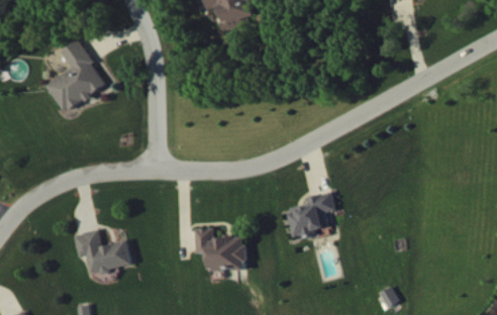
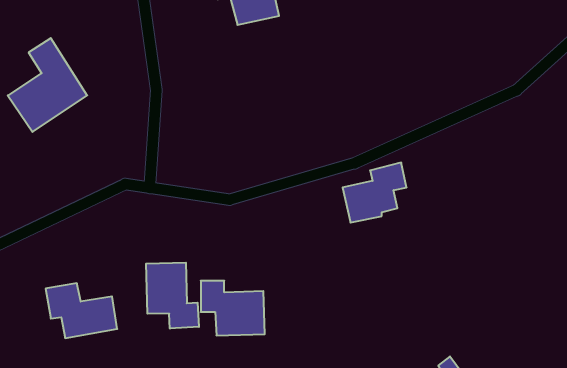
building: [285,191,334,237] -> [343,163,407,223]
building: none -> [146,263,199,329]

